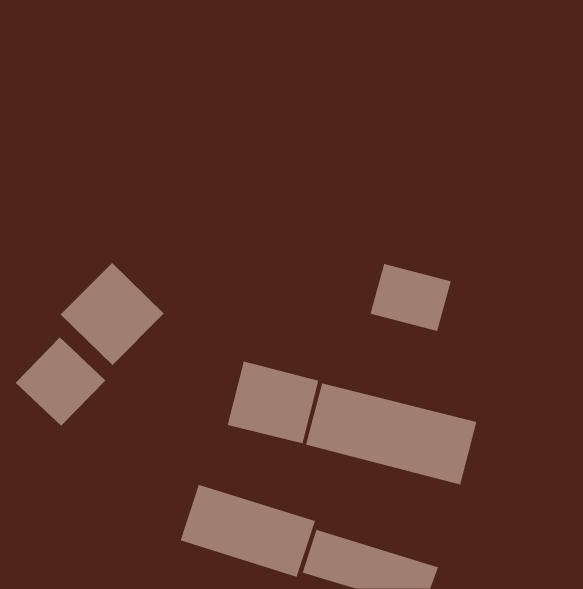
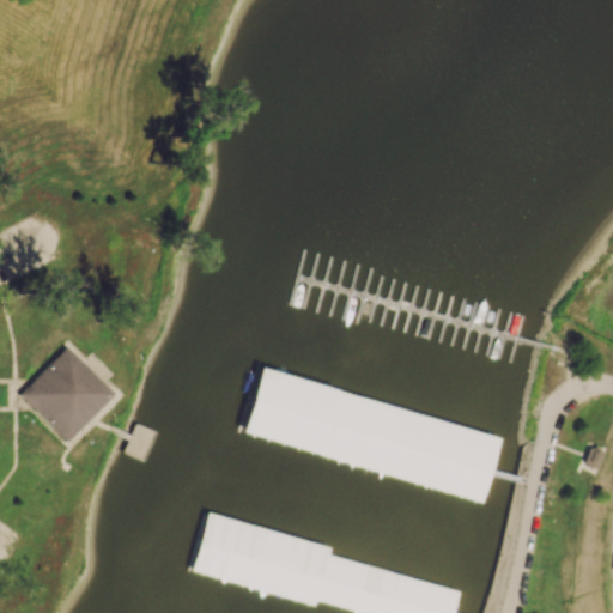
building: [60,262,165,366] -> none
building: [370,263,452,332] -> none

